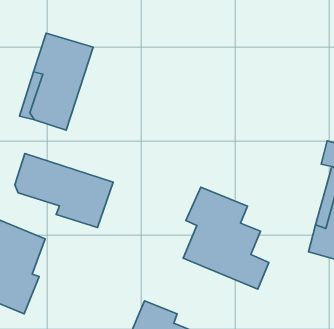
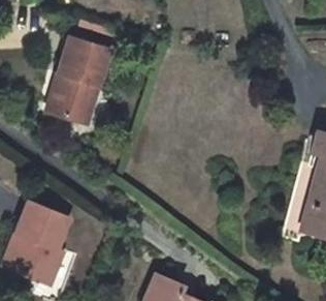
building: [15,154,113,228] -> none
building: [183,187,269,289] -> none

